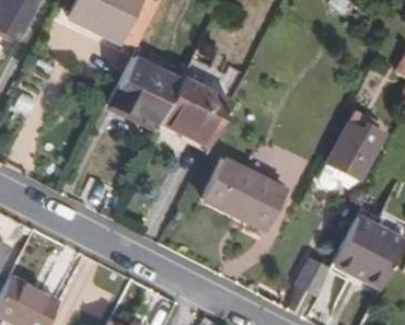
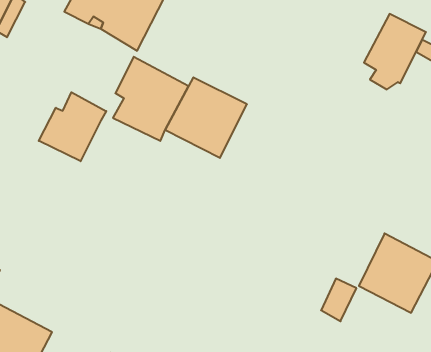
building: none -> [39,92,106,161]
building: [328,117,384,185] -> [364,14,426,89]
building: [202,159,287,230] -> none

